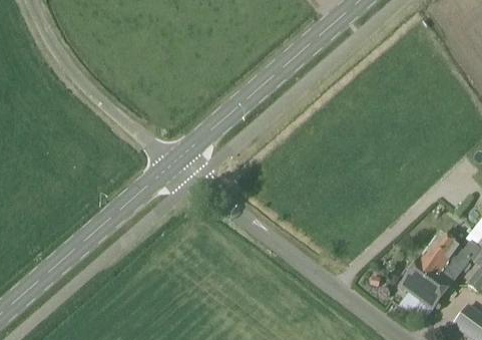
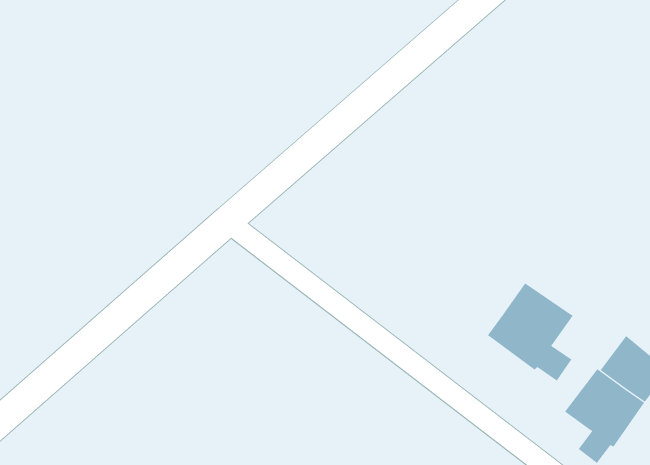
building: none -> [487,283,574,382]

